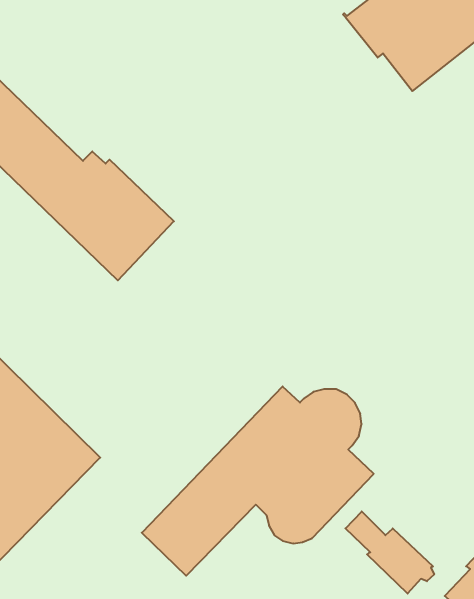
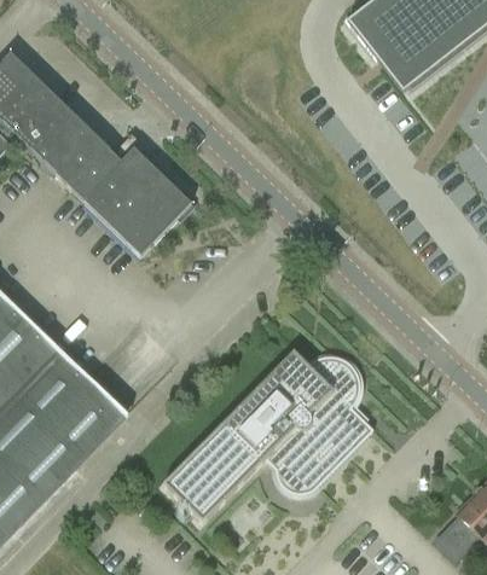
building: [345,511,434,594] -> none

